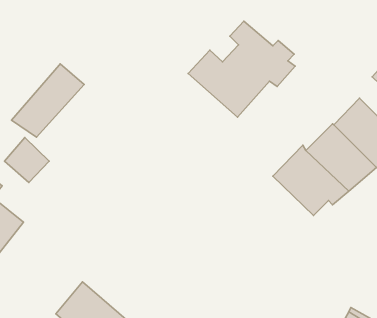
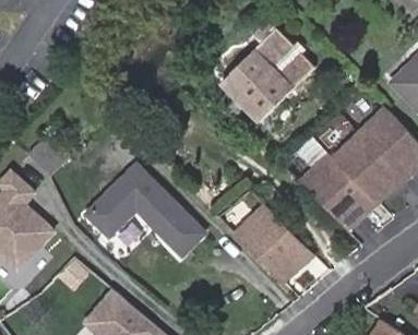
building: [11,64,84,137] -> none
building: none -> [86,174,205,263]
building: none -> [227,204,304,283]

